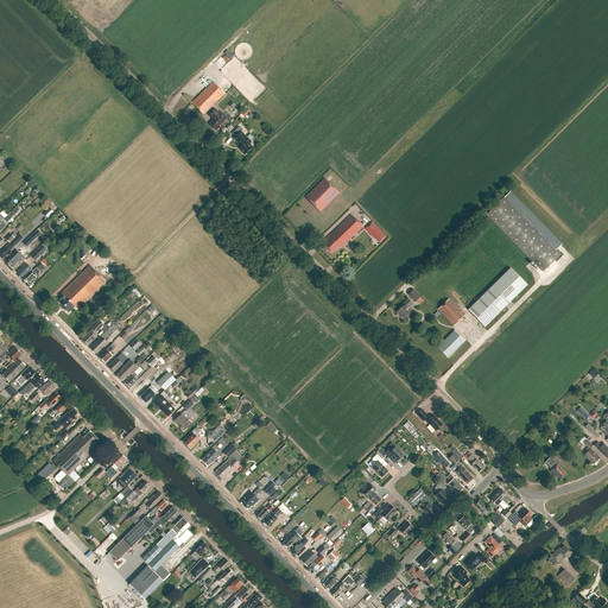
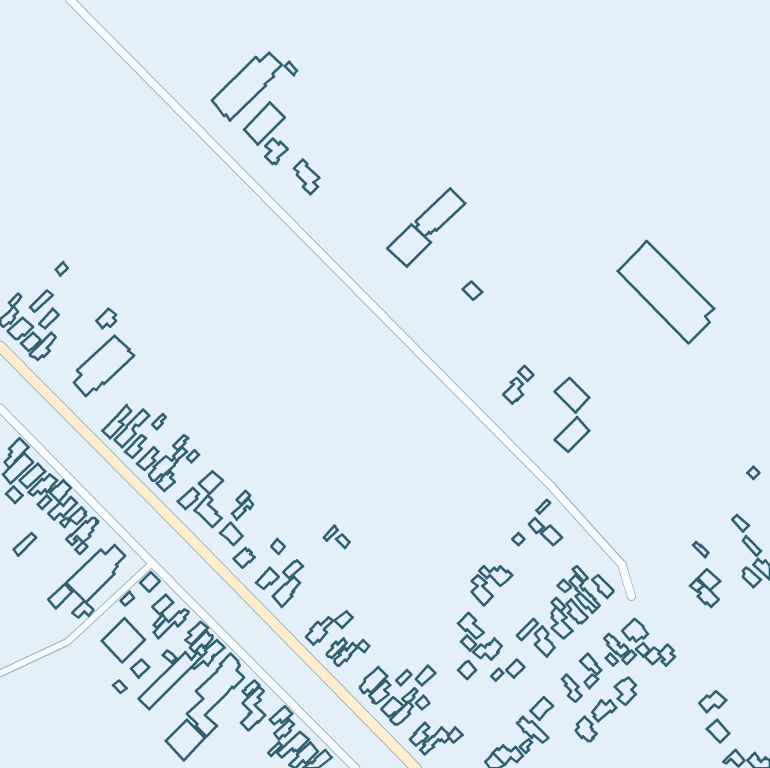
building: none -> [212,53,282,121]
building: [324,214,363,252] -> [416,188,465,237]
building: [468,267,527,325] -> none
building: none -> [102,618,145,662]

